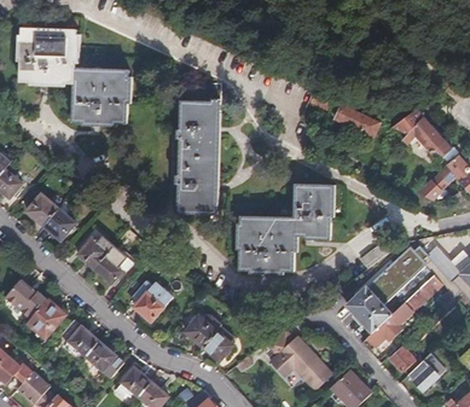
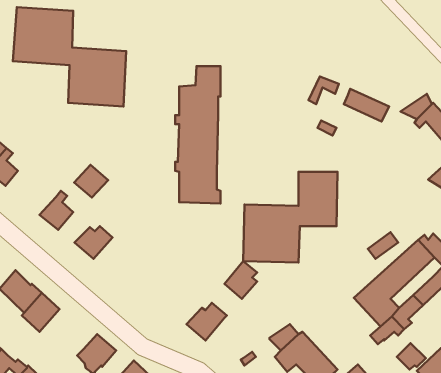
building: [27,194,59,226] -> [74,165,108,198]
building: [95,248,133,284] -> none
building: [133,280,173,321] -> none
building: [60,319,99,355] -> none
building: [203,325,234,361] -> [224,261,257,299]

